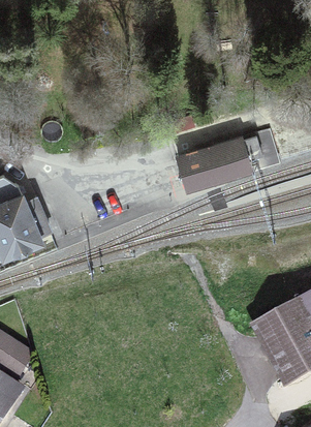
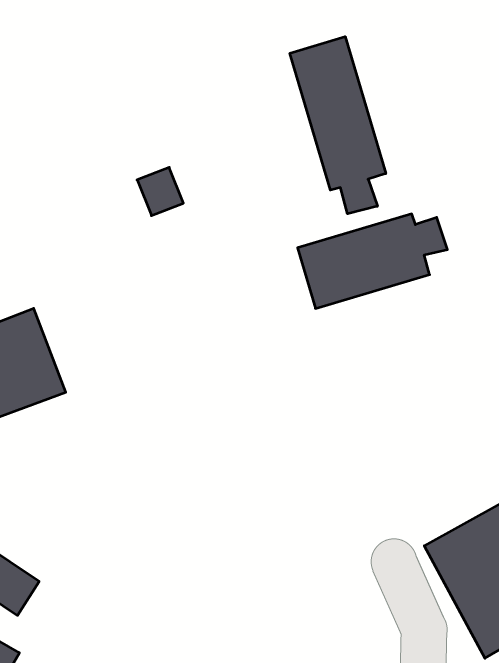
building: none -> [290,37,386,214]

